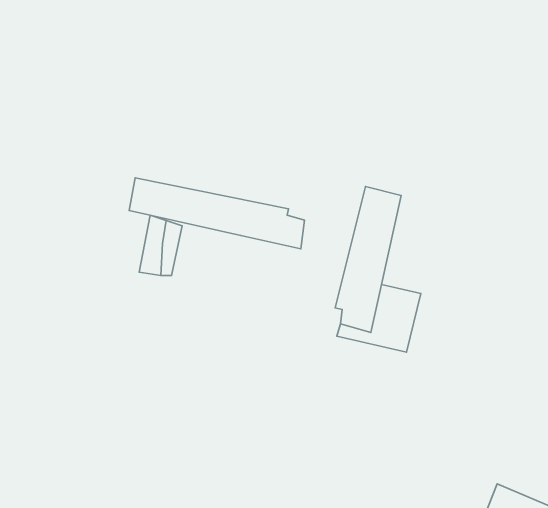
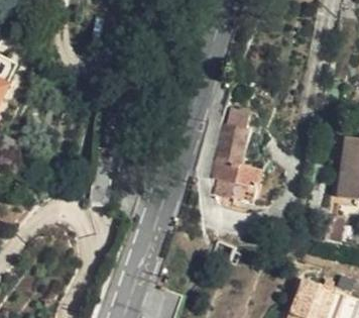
building: [129,178,304,249] -> none

